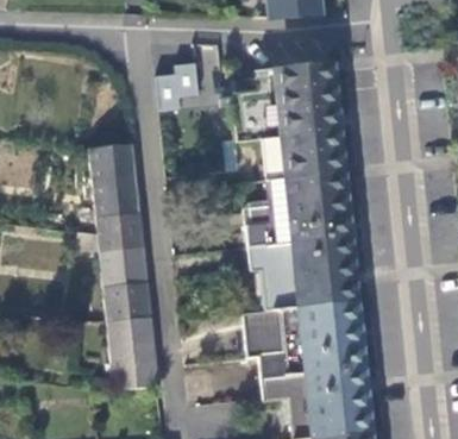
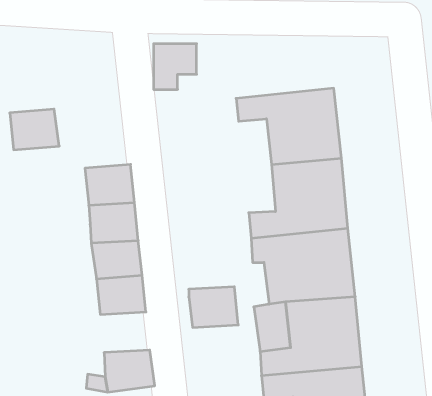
building: [234,62,328,115] -> none
building: [92,143,138,181] -> [10,109,59,150]
building: [109,315,156,353] -> [189,287,238,327]

